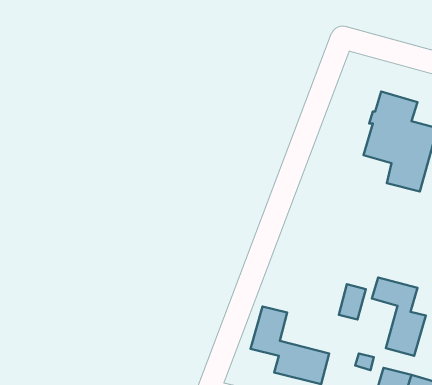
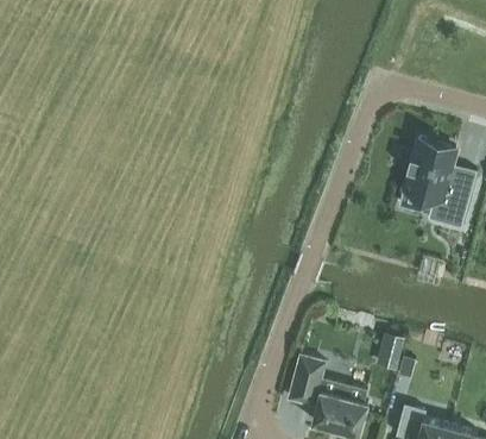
building: [372,277,426,356] -> none

